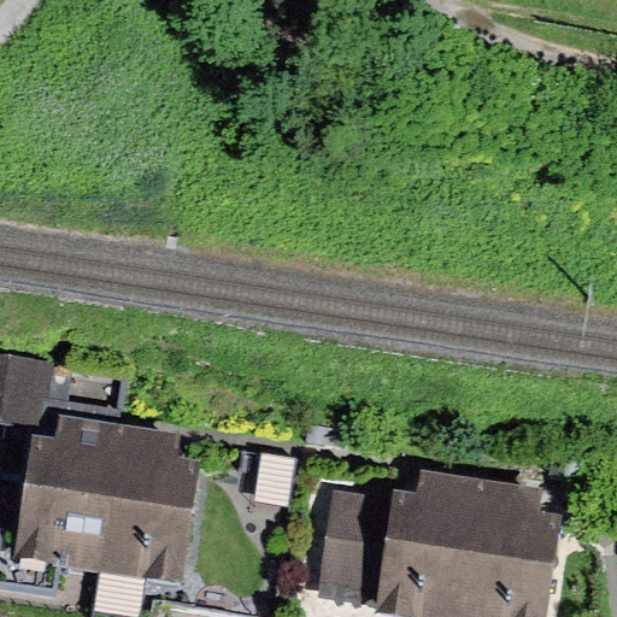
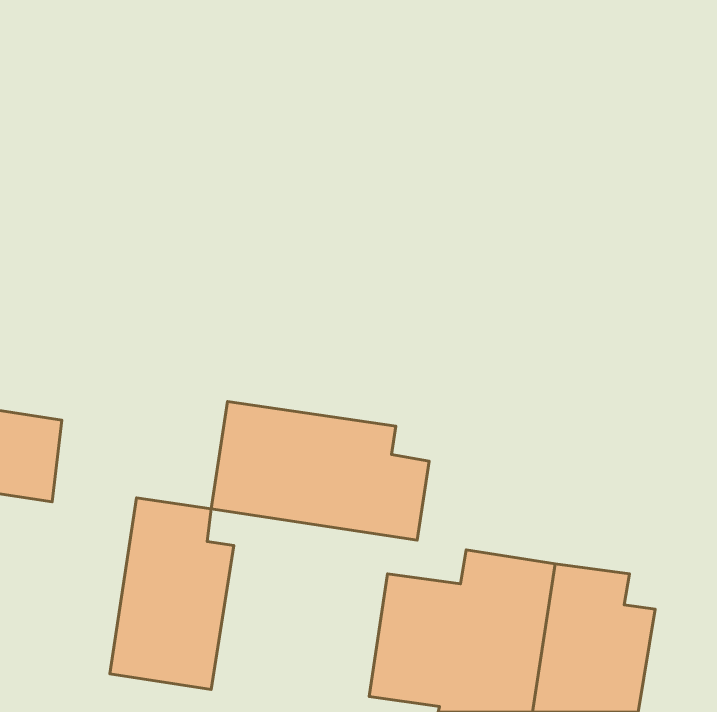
building: none -> [211,401,429,540]
building: [12,417,117,576] -> none

